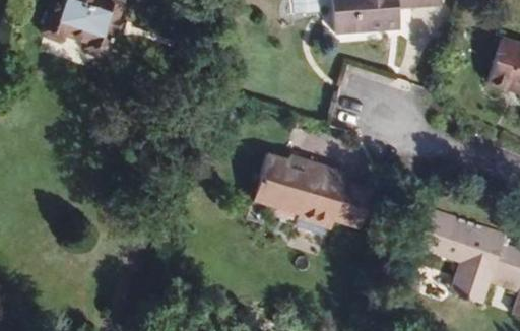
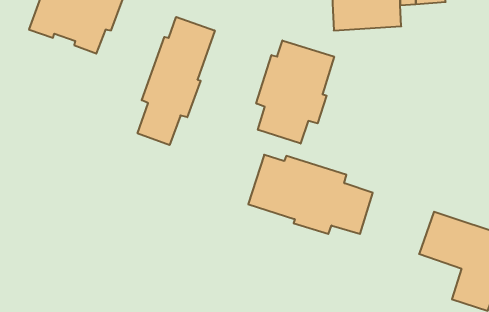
building: none -> [138,17,215,145]
building: none -> [256,40,334,144]

